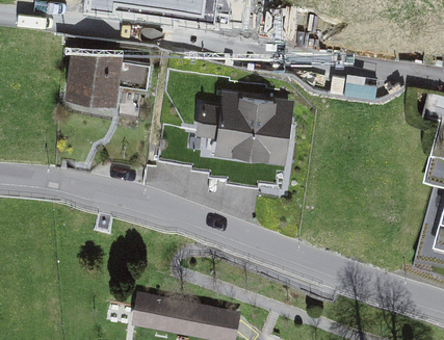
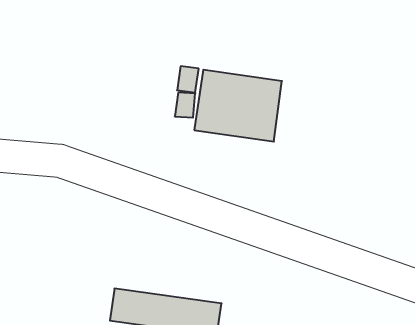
building: [72,45,152,111] -> none

